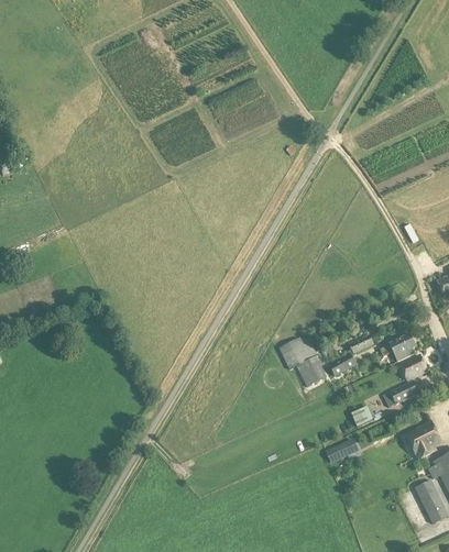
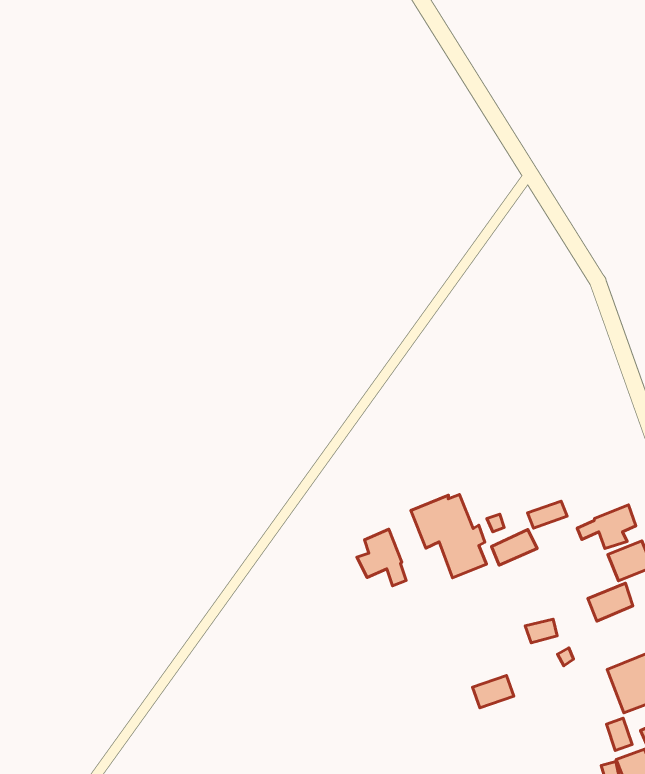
building: none -> [357,529,406,586]

